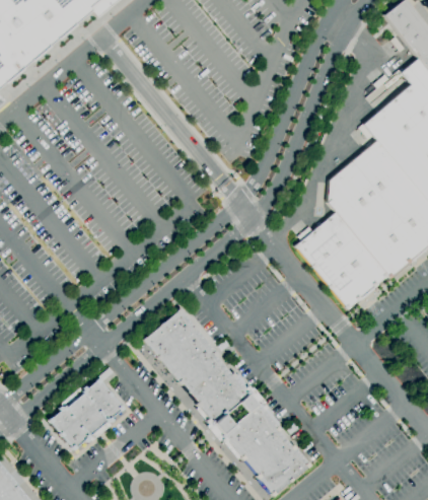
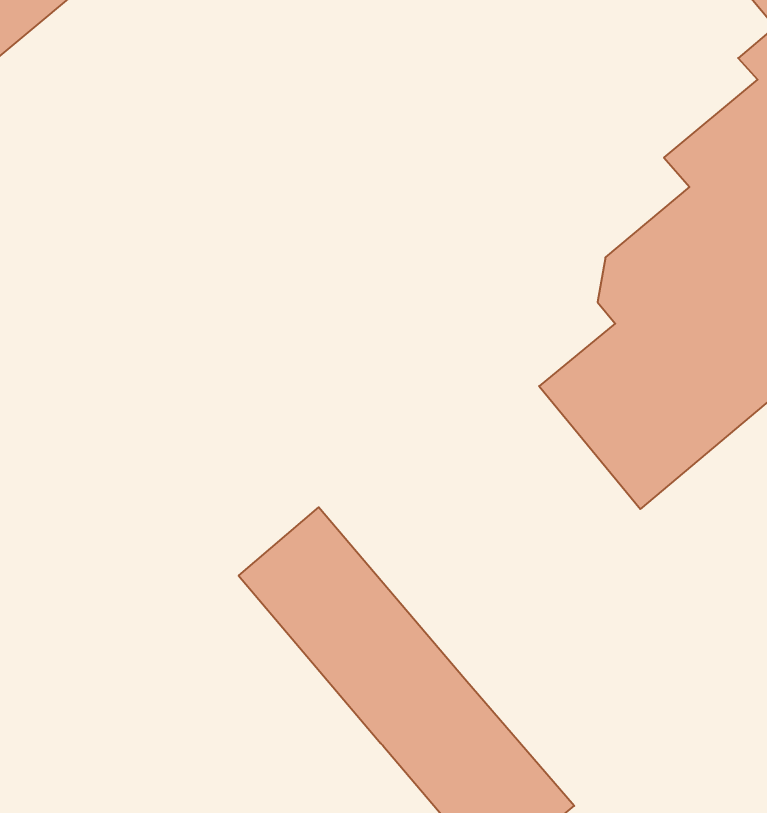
building: [49,373,132,453] -> none

